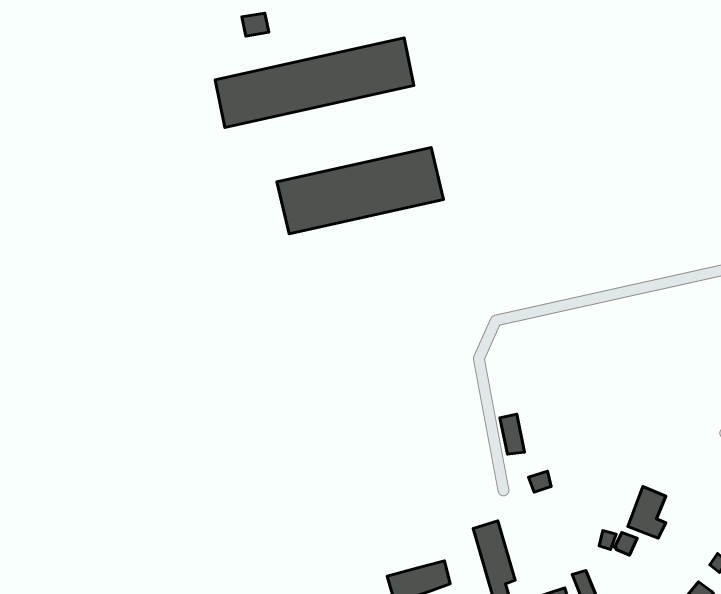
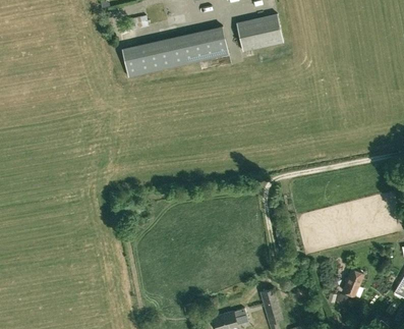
building: none -> [236,16,283,50]
building: [277,148,444,234] -> none

